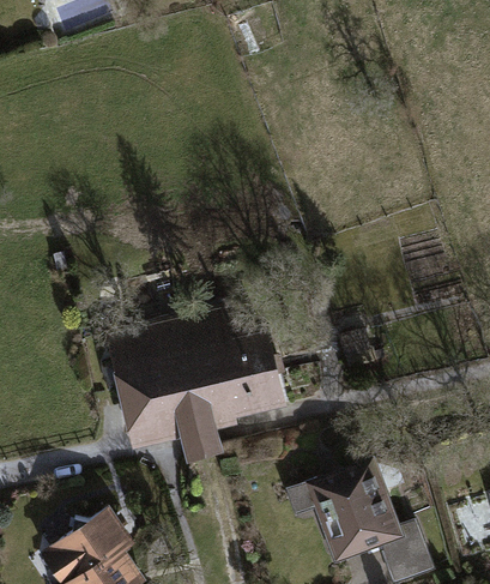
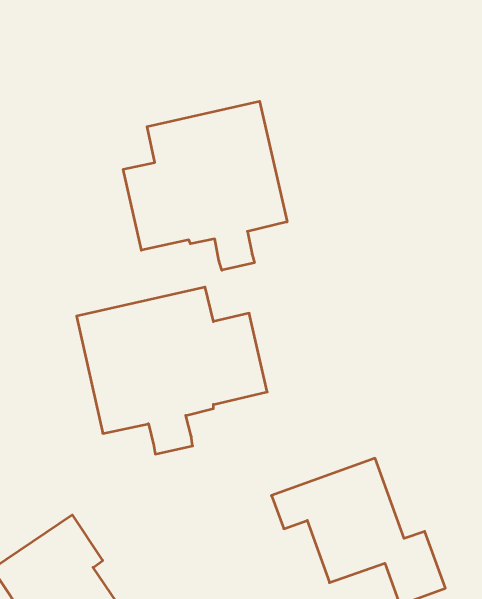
building: none -> [123,101,287,270]

